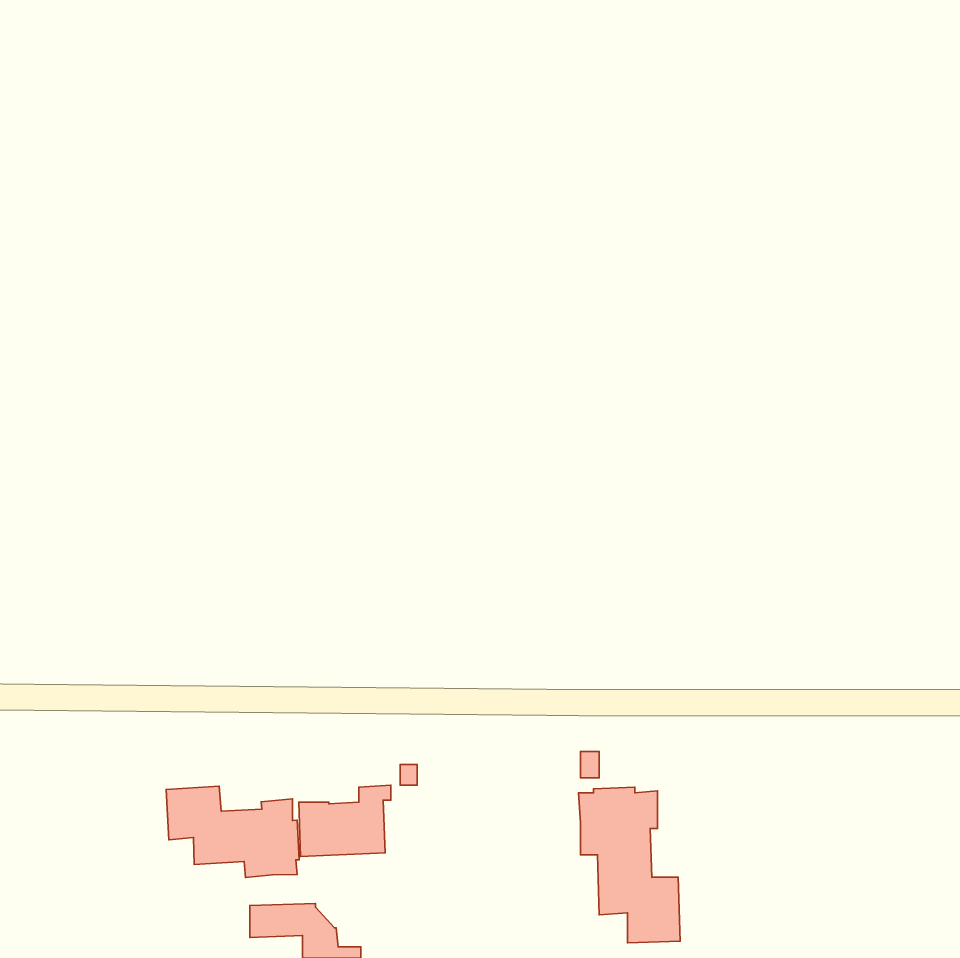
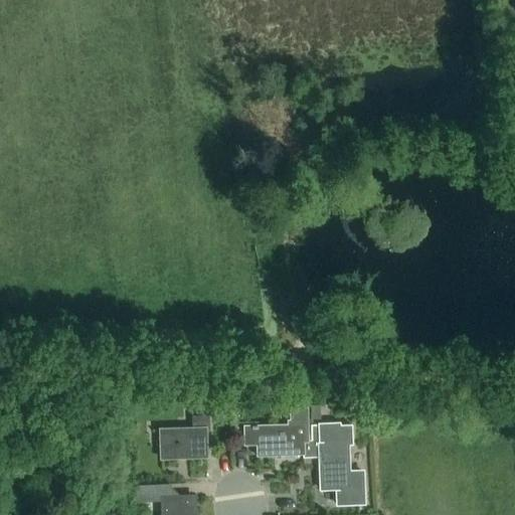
building: none -> [243,406,311,458]
building: [166,786,299,878] -> none

